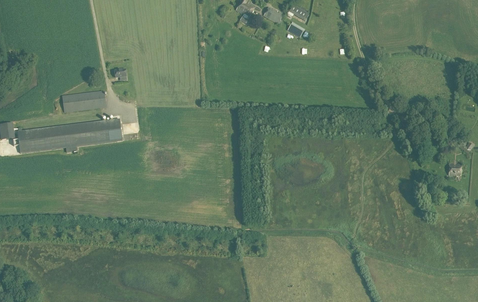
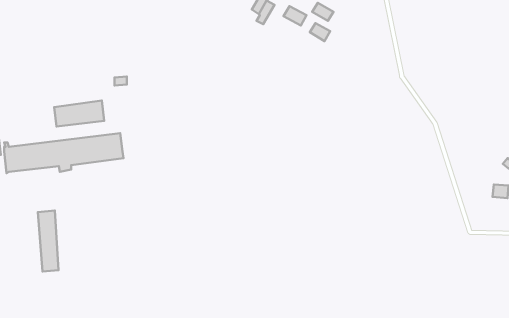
building: none -> [38,211,59,271]

